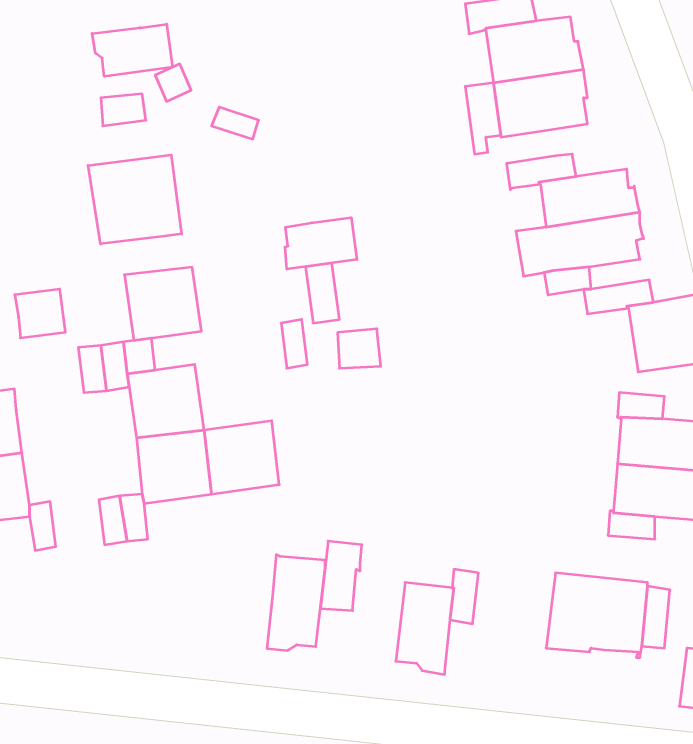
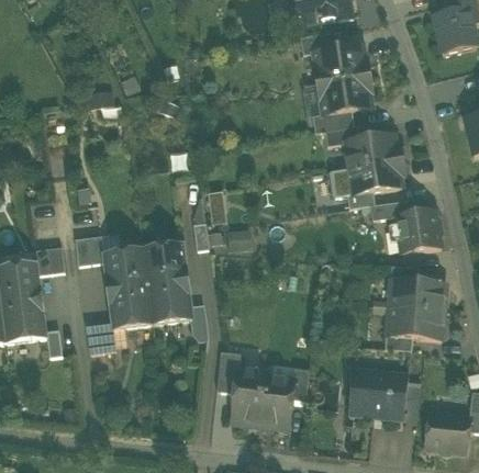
building: [92,24,172,76] -> none
building: none -> [313,111,354,133]
building: [88,155,182,244] -> none
building: [285,218,357,269] -> none
building: [124,267,201,341] -> [143,244,188,286]
building: [15,289,65,338] -> [35,246,65,274]
building: [267,555,325,650] -> [232,368,266,424]

